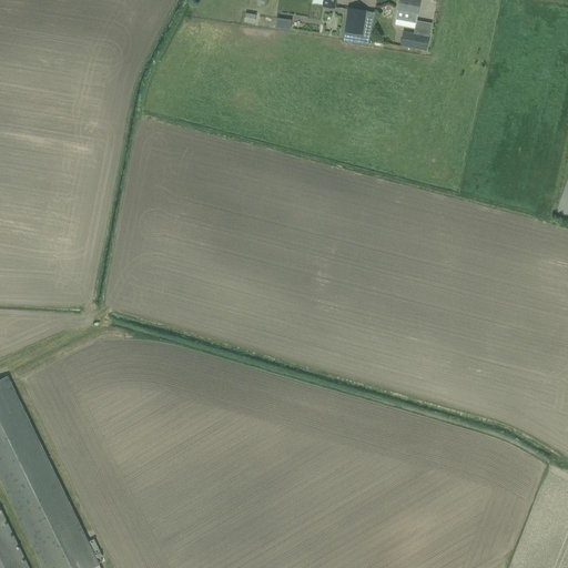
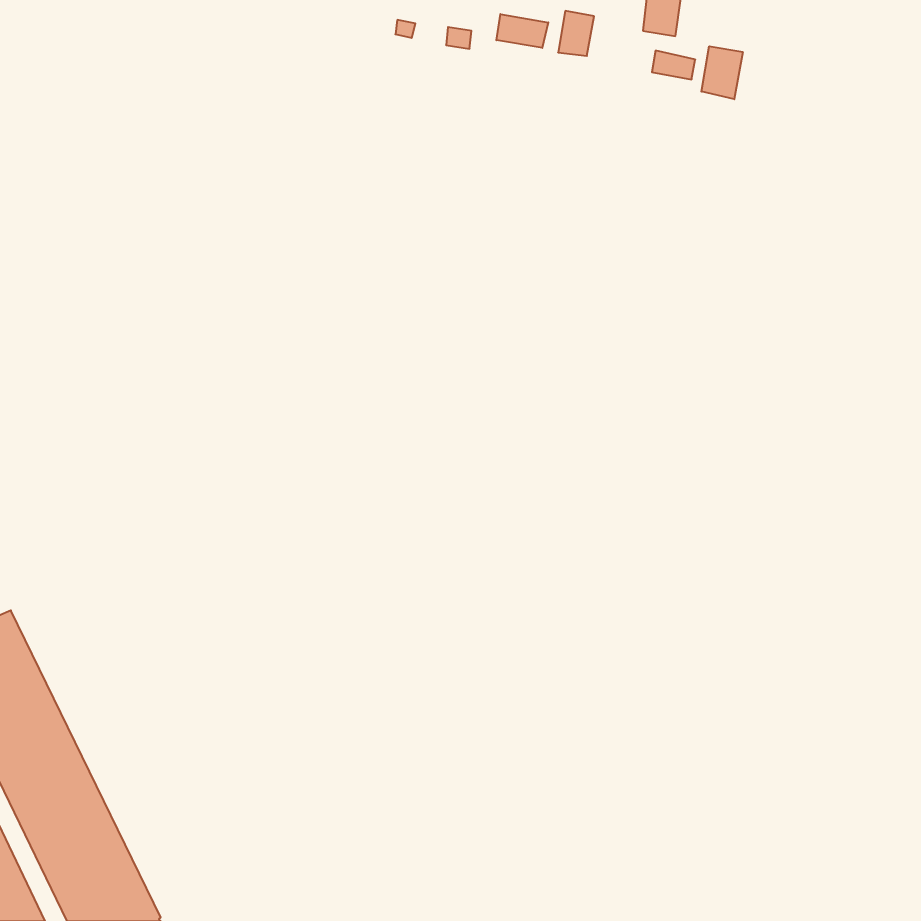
building: none -> [496,14,548,48]
building: none -> [701,46,743,99]

